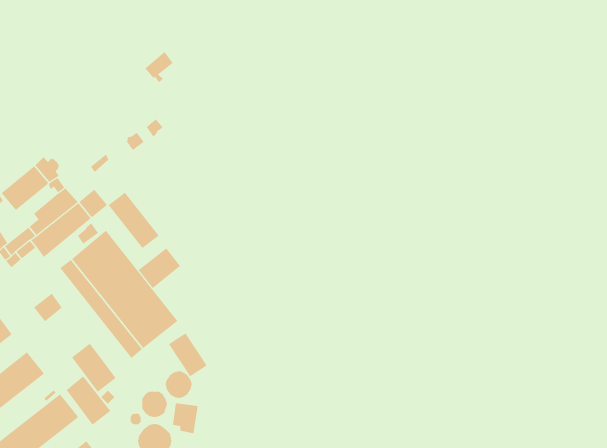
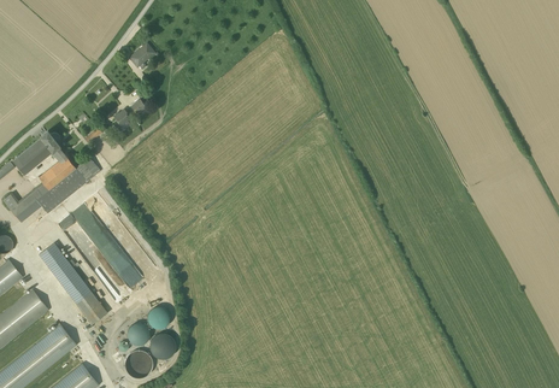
building: [108,192,160,249] -> none
building: [138,248,181,289] -> none
building: [168,333,208,377] -> none
building: [66,376,111,425] -> [47,255,84,296]

